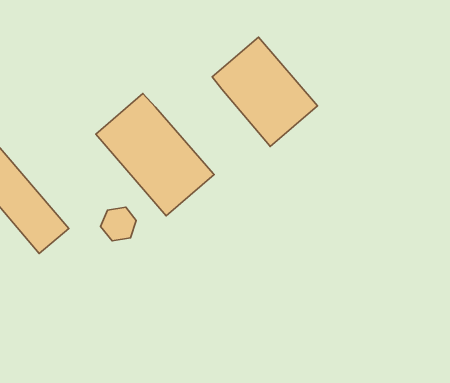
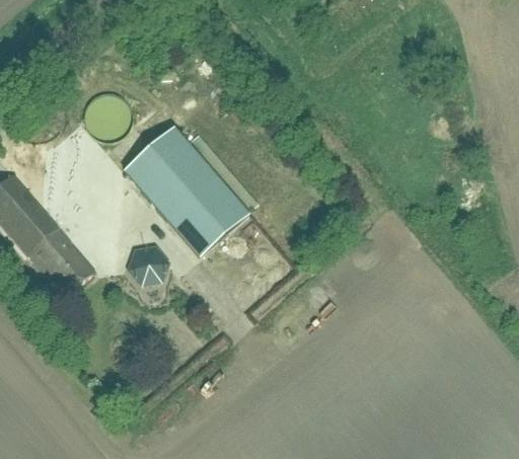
building: [212,37,317,146] -> none

